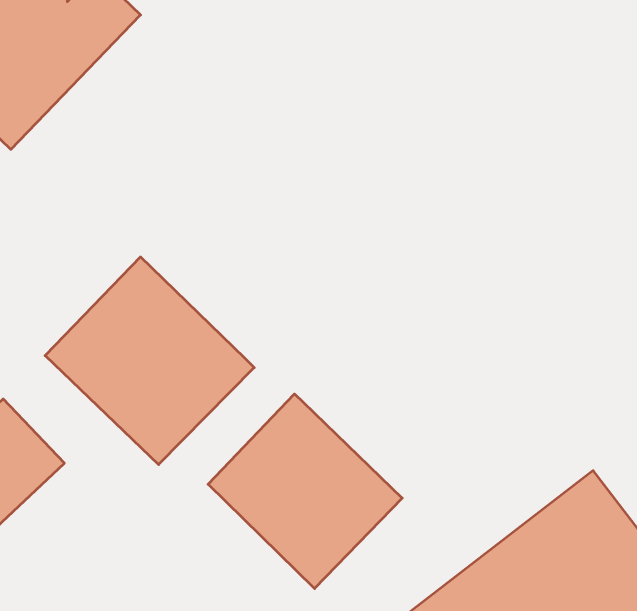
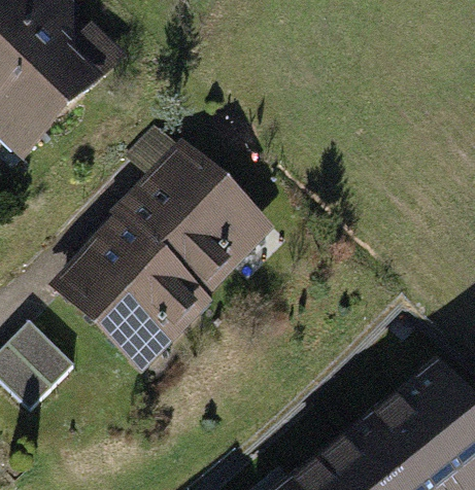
building: none -> [120,147,263,290]
building: [208,394,402,589] -> none

